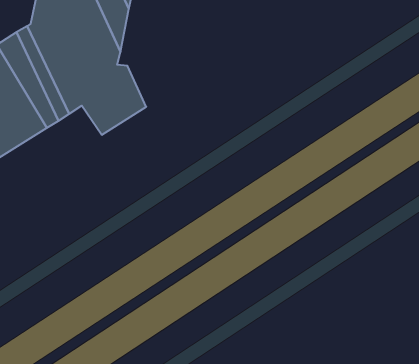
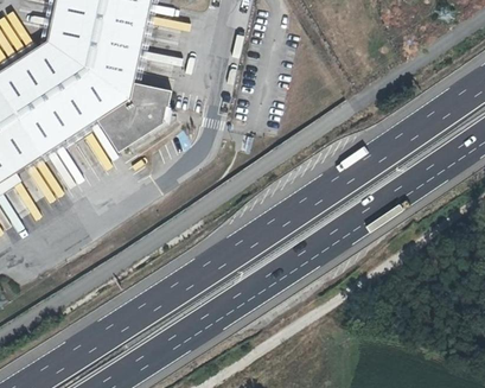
building: none -> [143,83,171,125]

